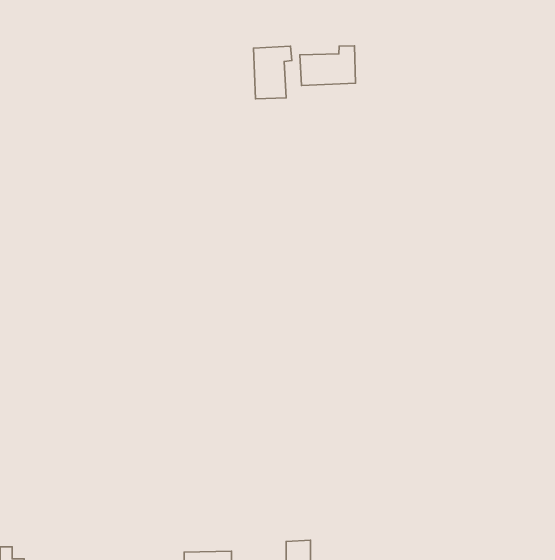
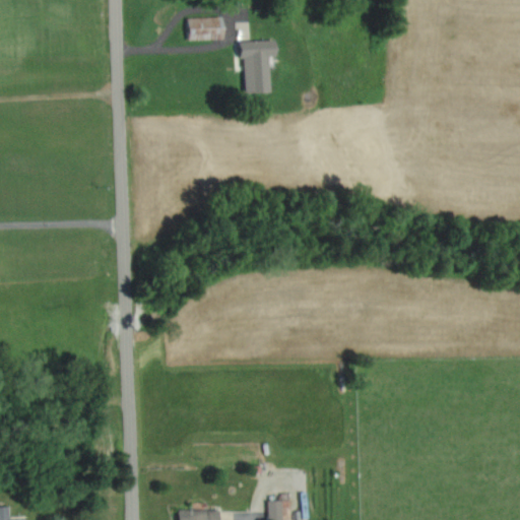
building: none -> [189,18,220,39]
building: [300,46,356,85] -> none

